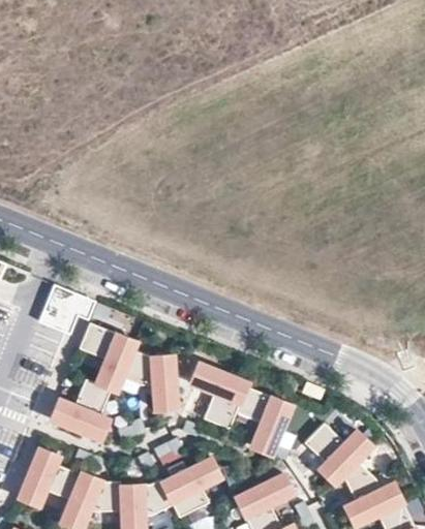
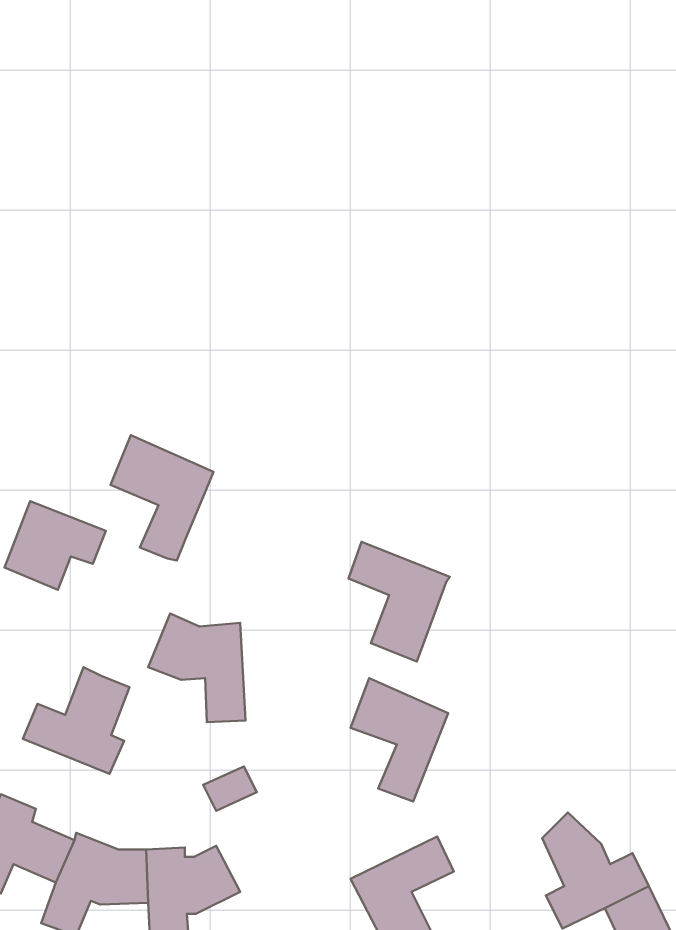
building: [79,320,136,391] -> [110,435,214,560]
building: [190,362,247,429] -> [349,542,450,661]
building: [304,423,371,483] -> none
building: [159,458,220,518] -> none

